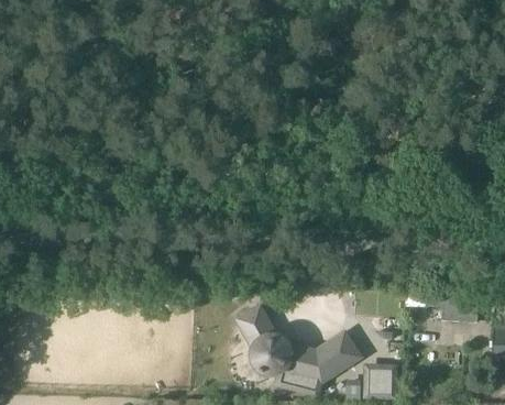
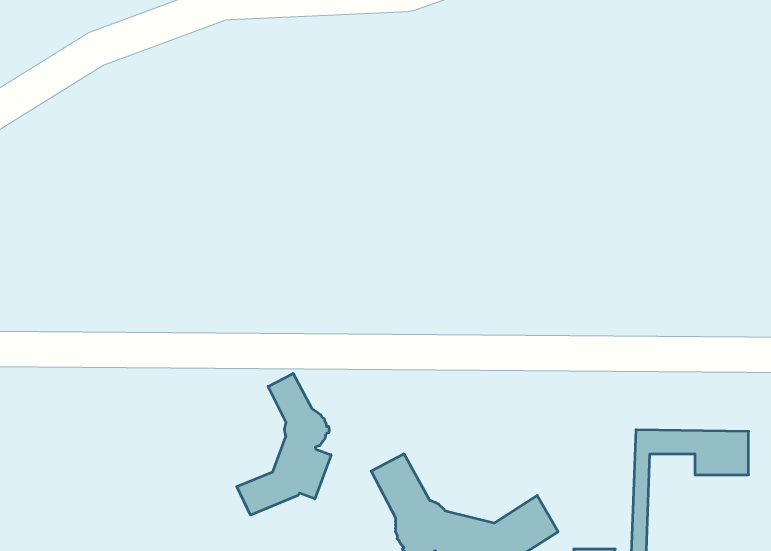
building: none -> [237,373,331,515]

